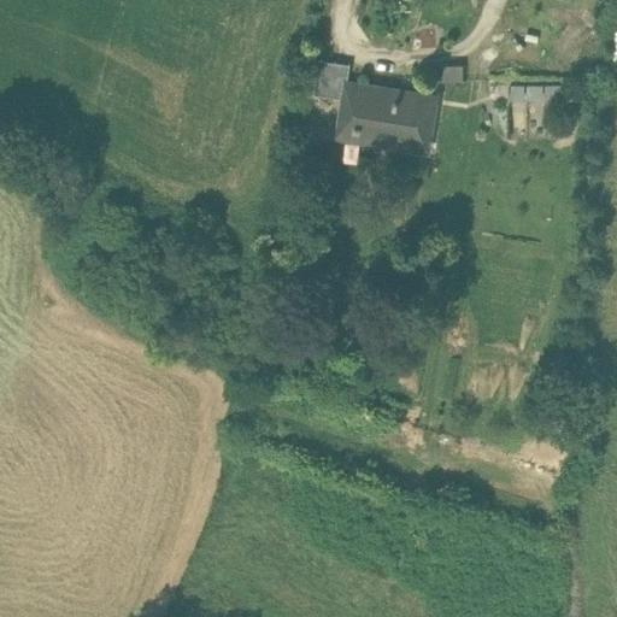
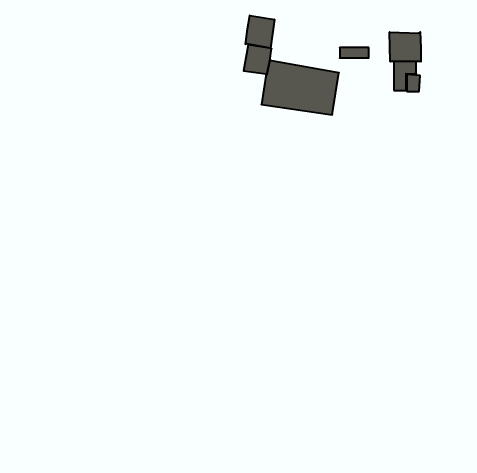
building: none -> [246,15,274,48]
building: none -> [390,32,421,62]

